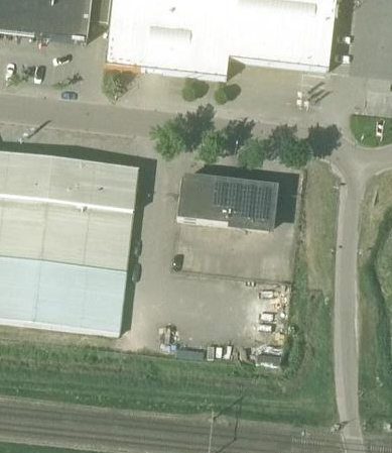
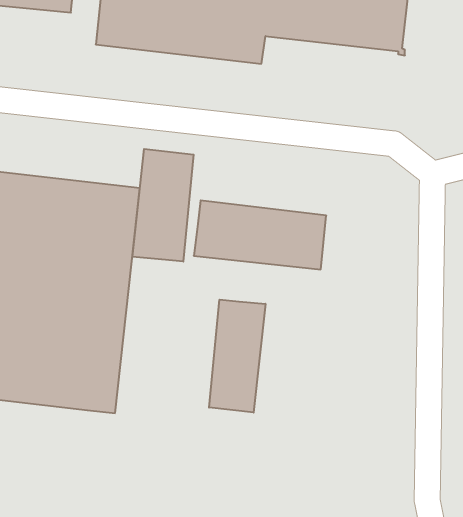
building: none -> [132,149,194,262]
building: none -> [209,300,265,413]

